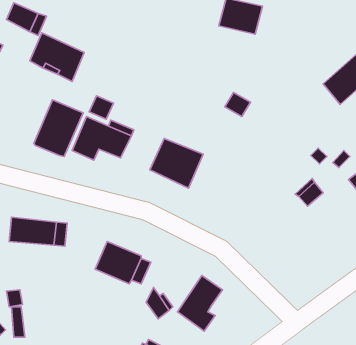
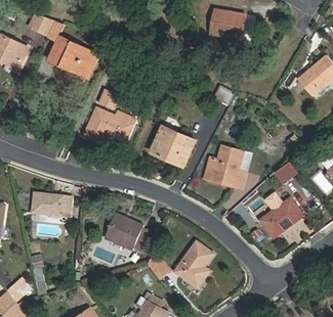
building: [34,100,83,156] -> none
building: none -> [211,145,245,188]
building: none -> [257,197,303,240]

